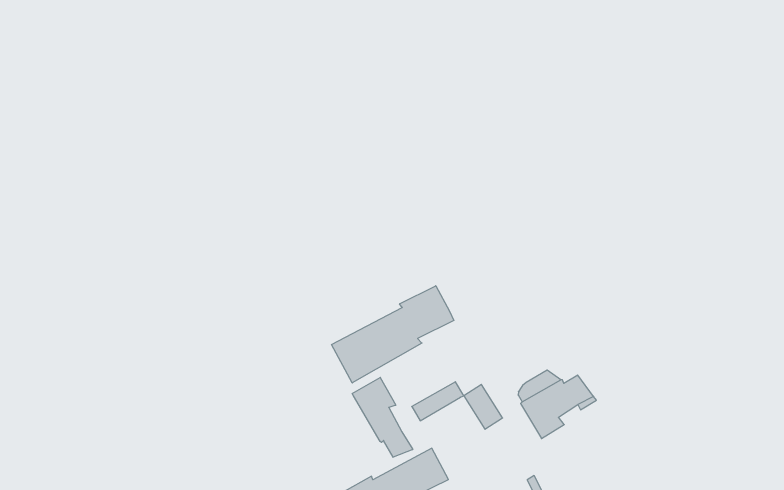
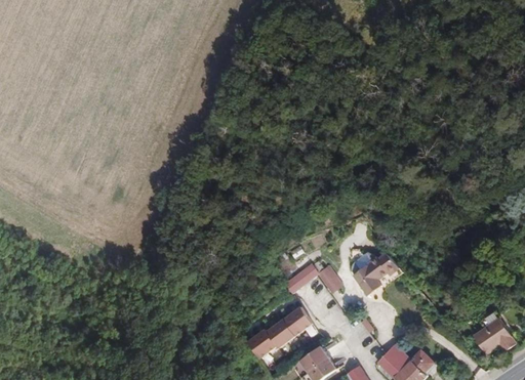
building: [332,286,454,383] -> none
building: [352,377,413,457] -> none

